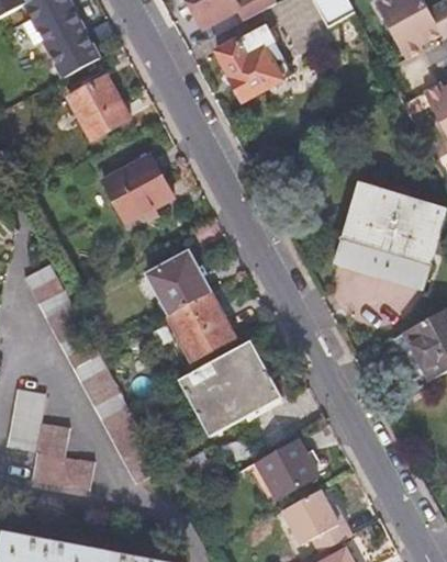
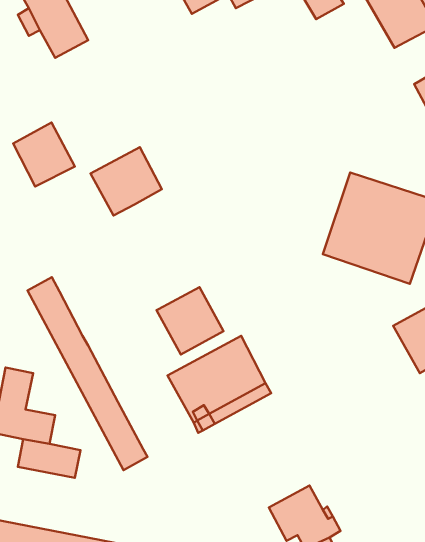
building: [219,23,297,100] -> none
building: [70,77,132,140] -> [13,123,75,186]
building: [146,252,210,317] -> none
building: [259,440,321,499] -> none

